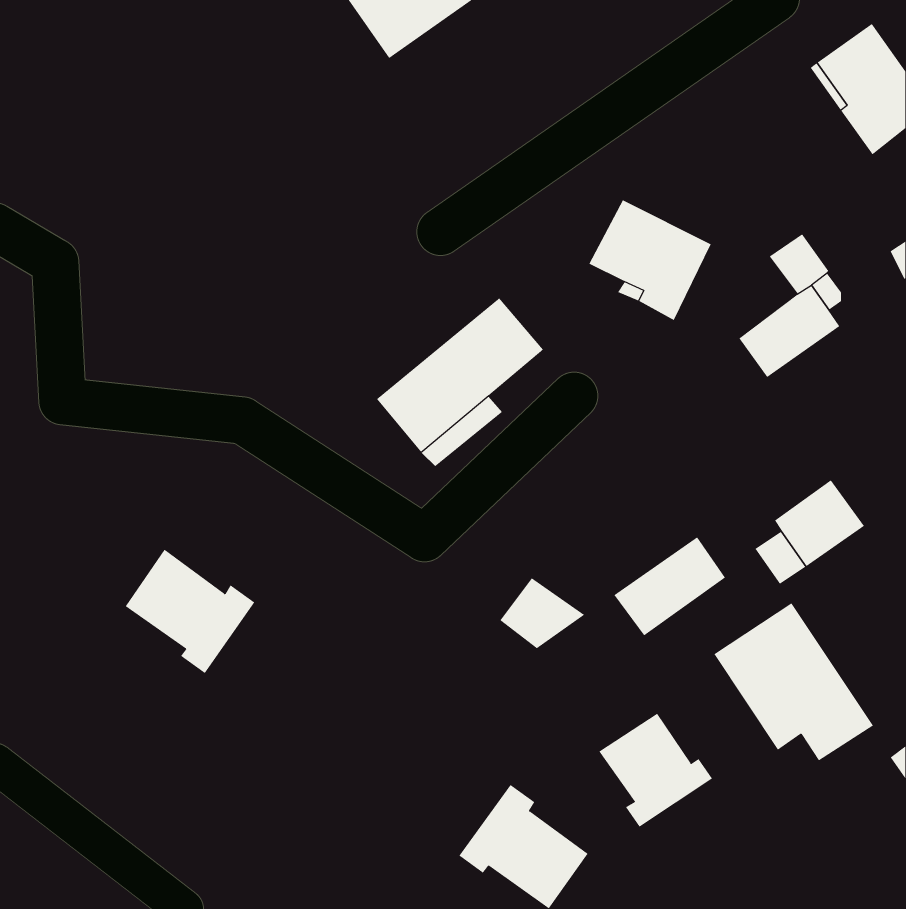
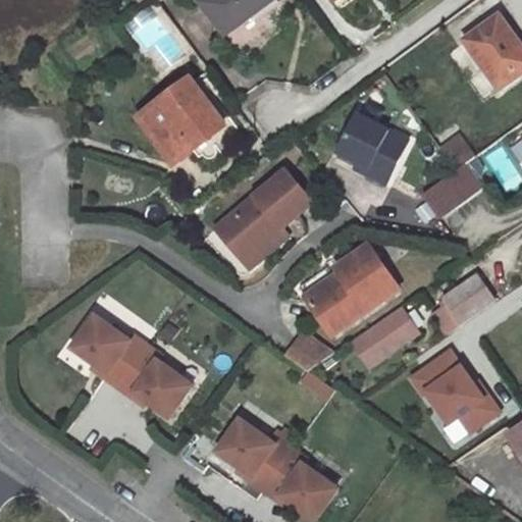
building: none -> [141,81,221,159]
building: none -> [299,245,398,333]
building: none -> [117,345,191,416]
building: [599,713,713,828] -> none
building: none -> [217,418,292,489]

